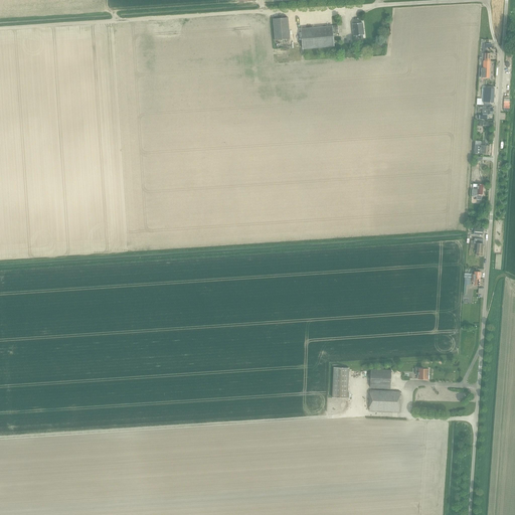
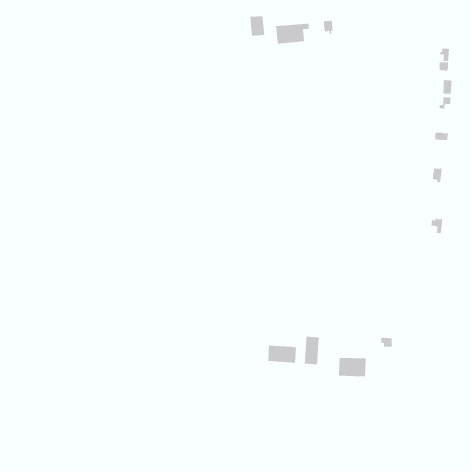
building: [369,368,390,387] -> none
building: none -> [268,345,297,364]

